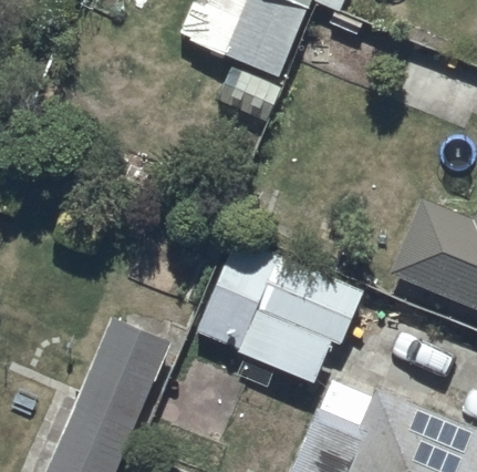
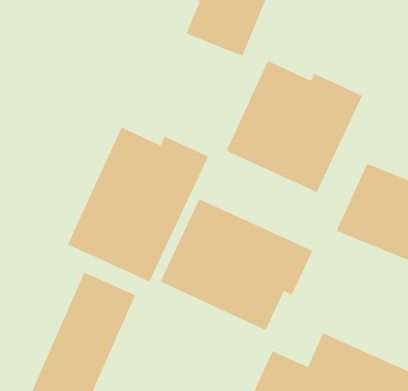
building: none -> [225,60,363,193]
building: none -> [67,127,209,283]

